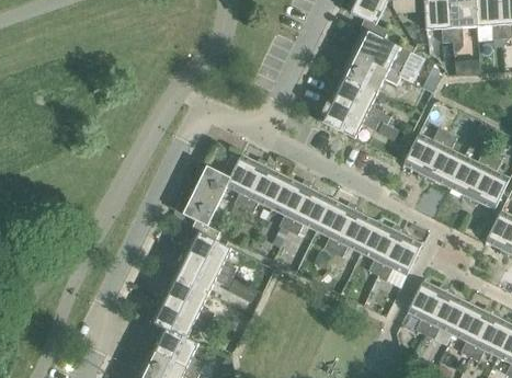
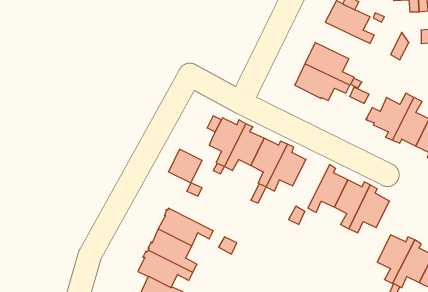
building: [341,54,400,93] -> none
building: [195,167,230,203] -> none
building: [317,202,356,254] -> none
building: [183,231,236,278] -> none

